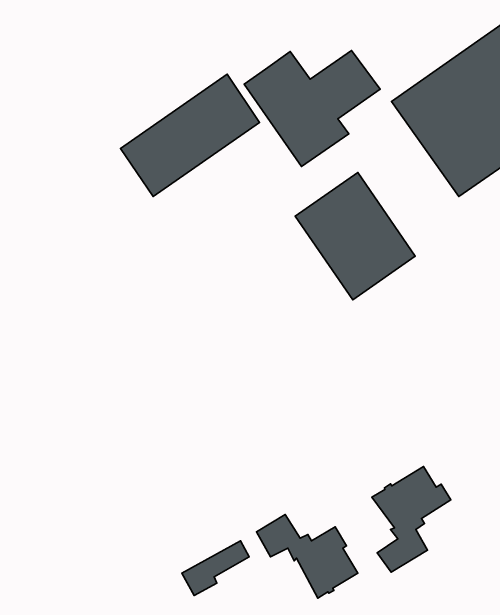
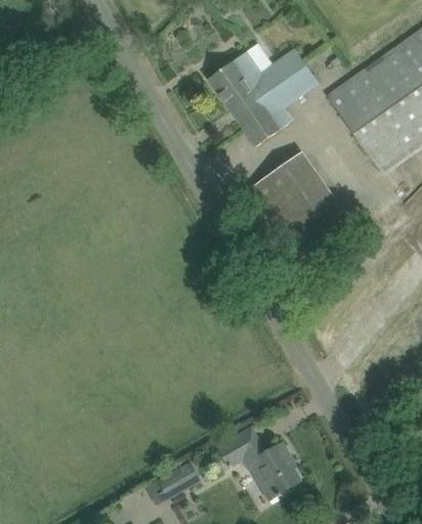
building: [121,74,260,197] -> none
building: [372,466,451,572] -> none

